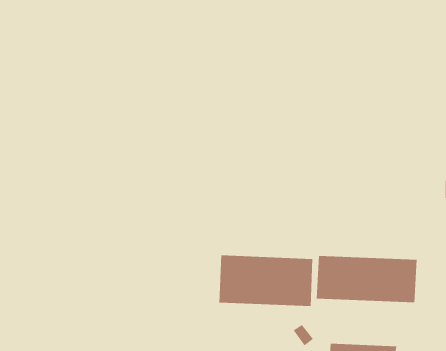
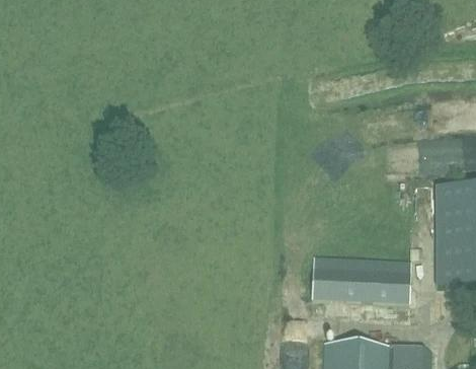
building: [219,255,313,307] -> none

